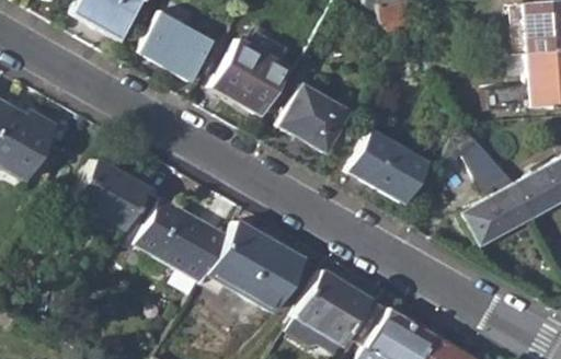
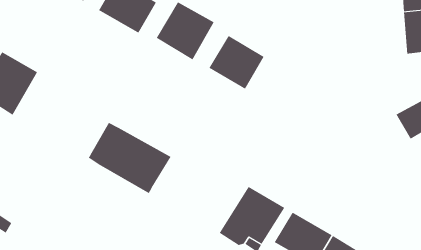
building: [347,128,427,201] -> none
building: [463,143,535,244] -> none
building: [77,162,151,234] -> none
building: [207,223,307,315] -> none

